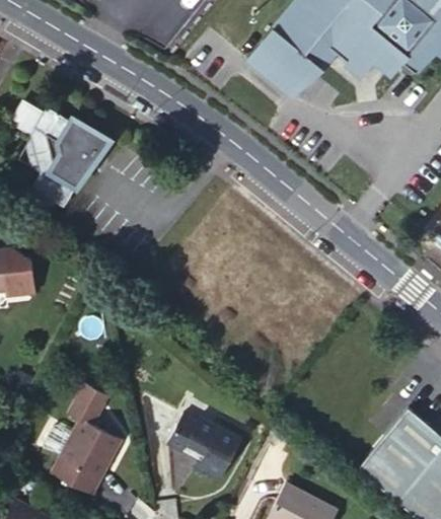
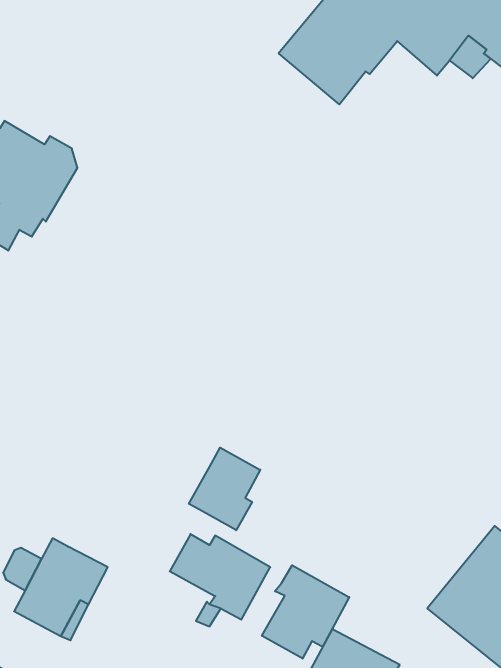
building: none -> [189,448,260,530]
building: [70,383,107,424] -> none
building: none -> [262,565,349,659]

